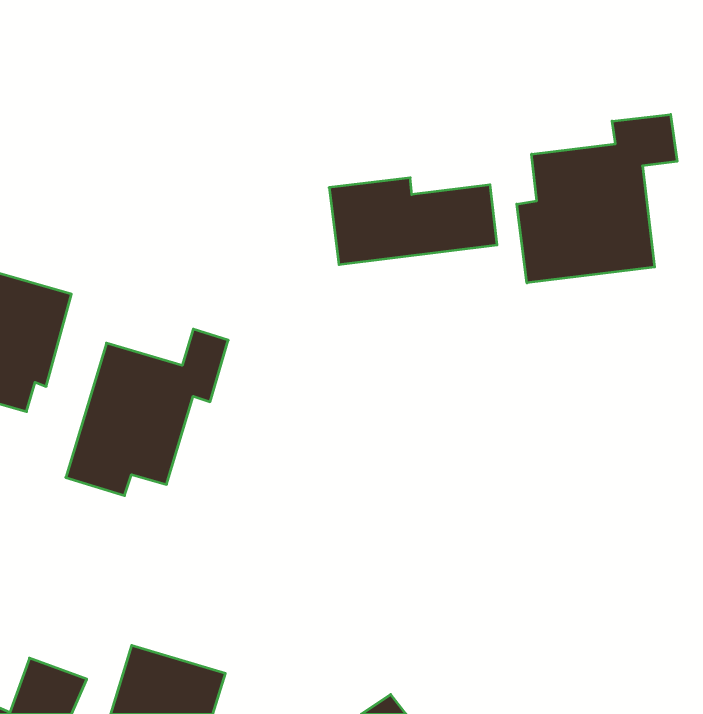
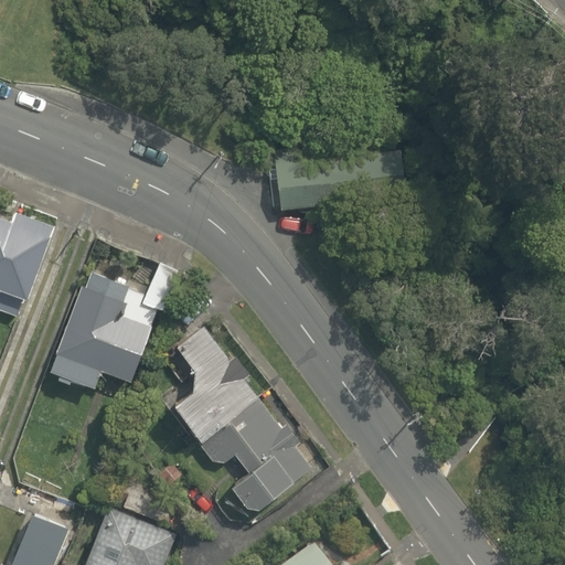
building: [517,114,677,283] -> none
building: none -> [173,328,312,524]

